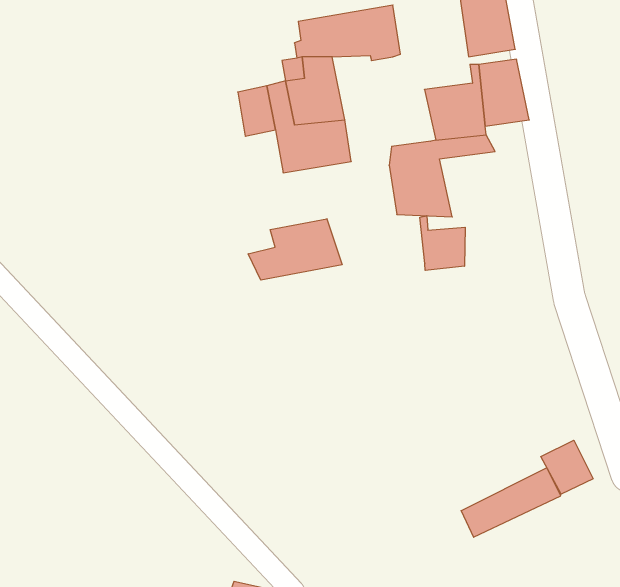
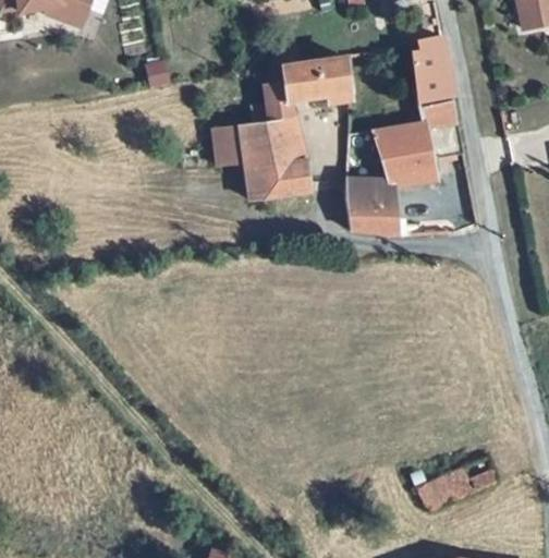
building: [420,216,465,270] -> none
building: [248,219,342,280] -> none
building: [541,440,593,494] -> none

